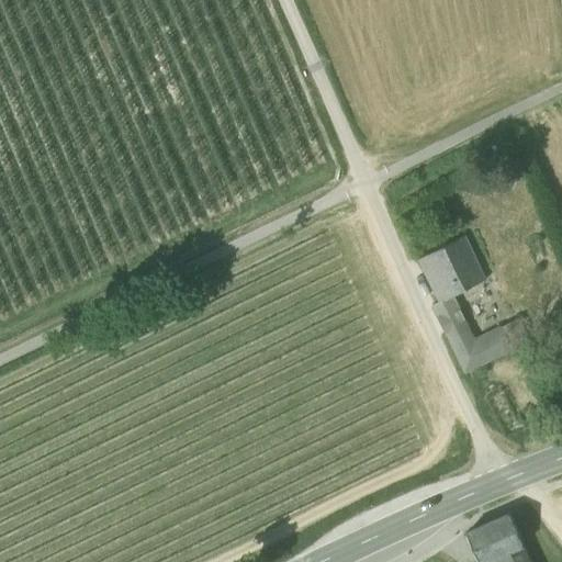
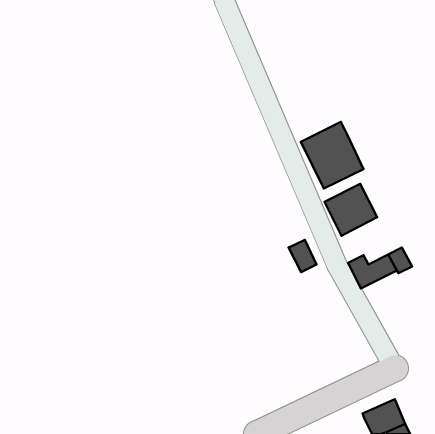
building: none -> [301,122,363,188]
building: [432,297,469,339] -> [289,240,317,272]

